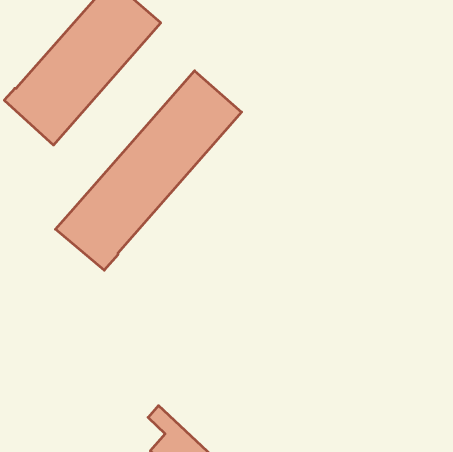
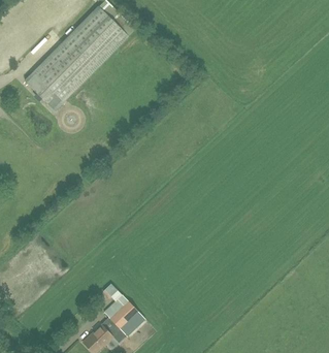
building: [55,71,242,270] -> none

